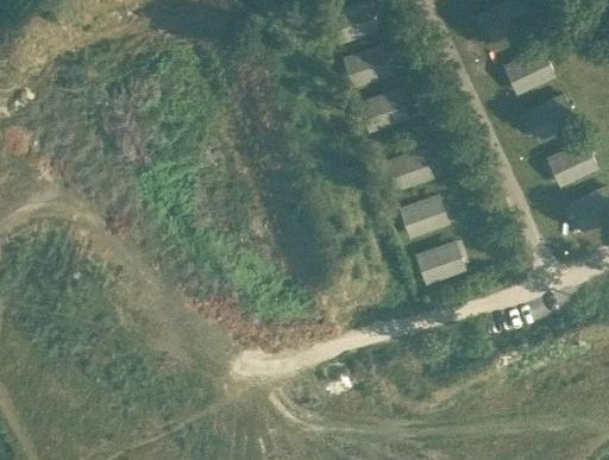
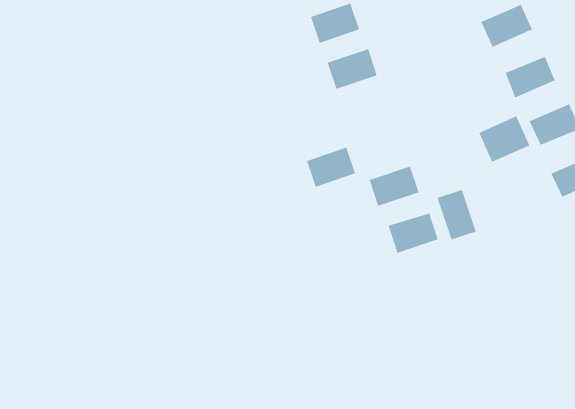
building: [385,150,432,188] -> [306,147,356,188]
building: none -> [478,116,530,163]
building: none -> [437,189,476,240]

